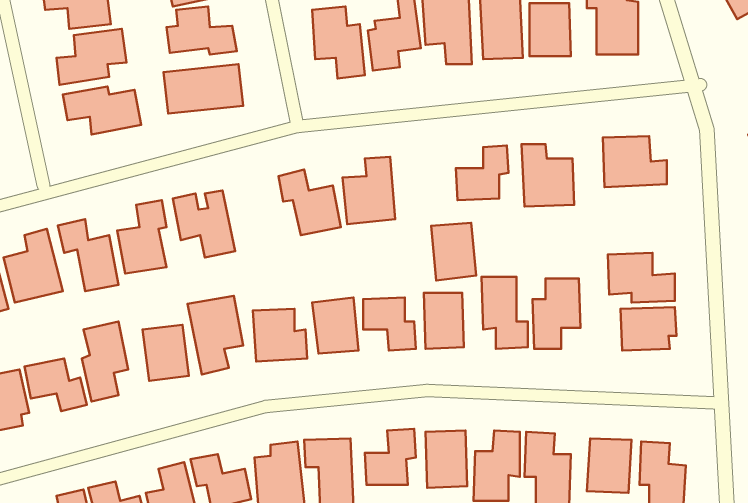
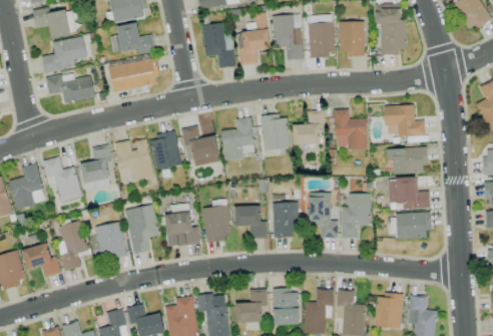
building: none -> [149,132,182,171]
building: none -> [387,147,426,174]
building: [431,223,476,280] -> [262,114,290,150]

